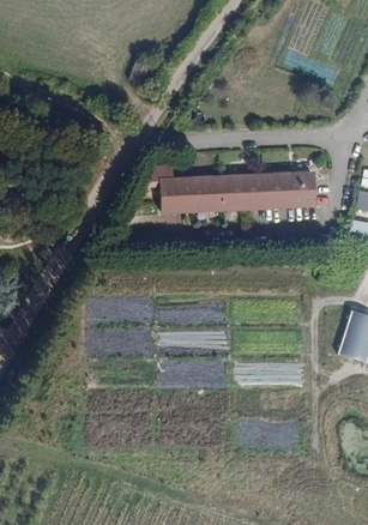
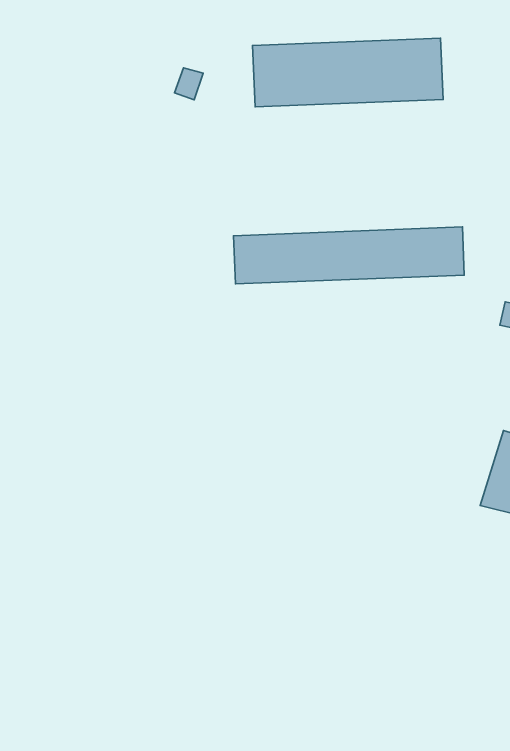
building: none -> [253,38,443,107]

